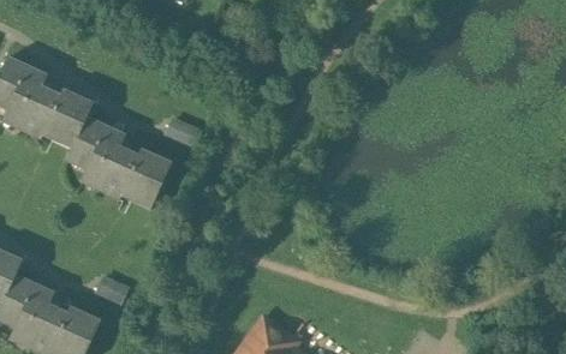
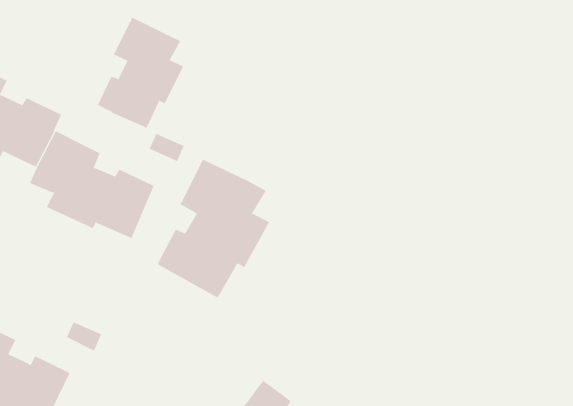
building: none -> [97,17,184,129]
building: none -> [157,158,270,299]

